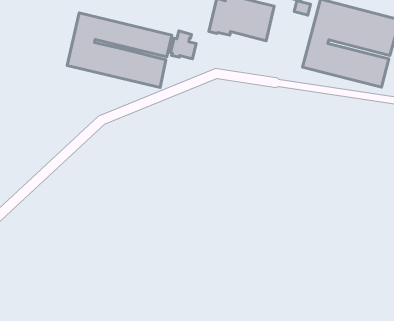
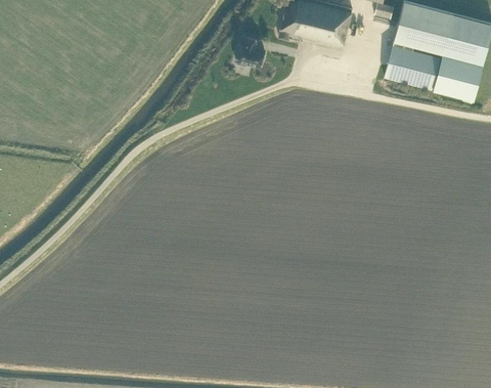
building: [67,13,172,87] -> none

